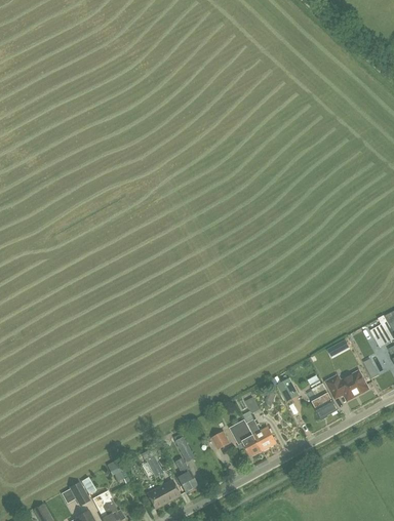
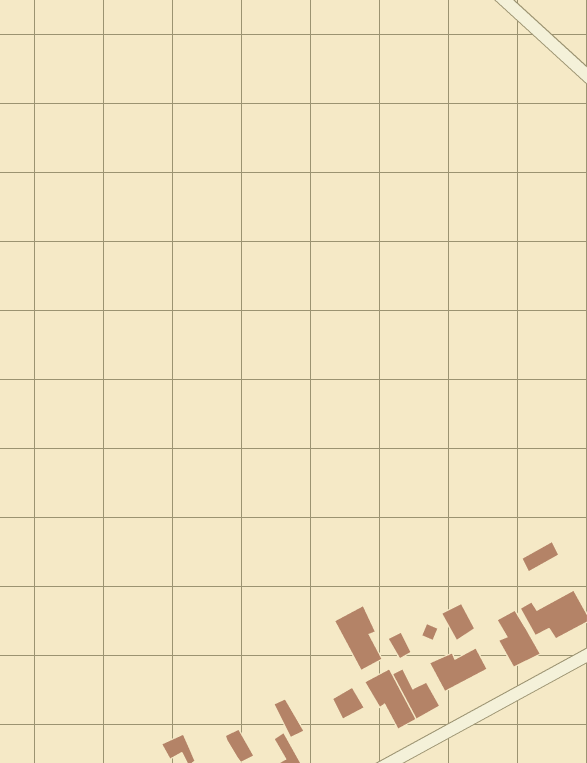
building: none -> [335,606,382,670]
building: none -> [430,648,487,691]

